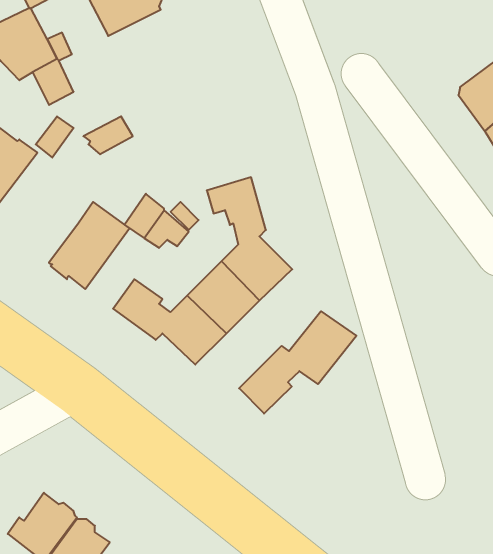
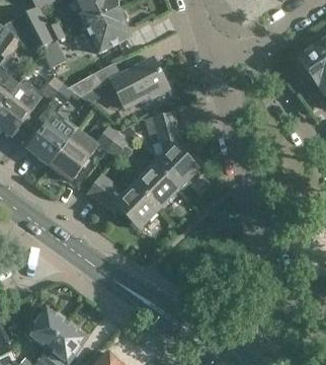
building: none -> [85,8,130,52]
building: none -> [110,58,167,106]
building: none -> [27,101,76,164]
building: [239,311,356,414] -> none

